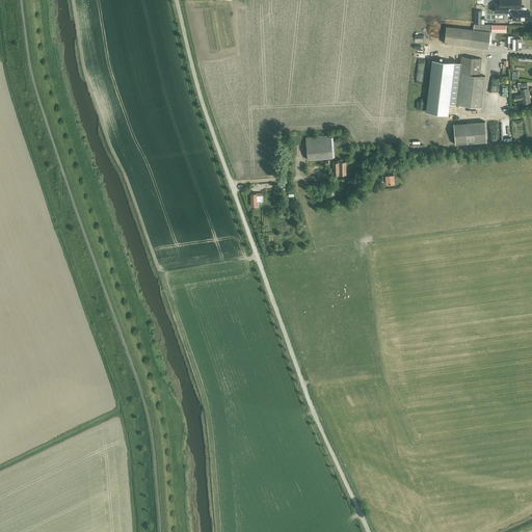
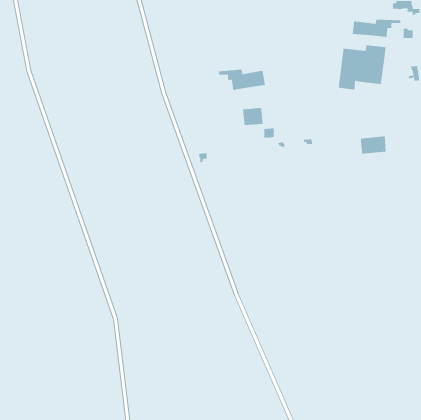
building: none -> [218,69,266,91]
building: [453,122,486,145] -> [360,136,386,155]

